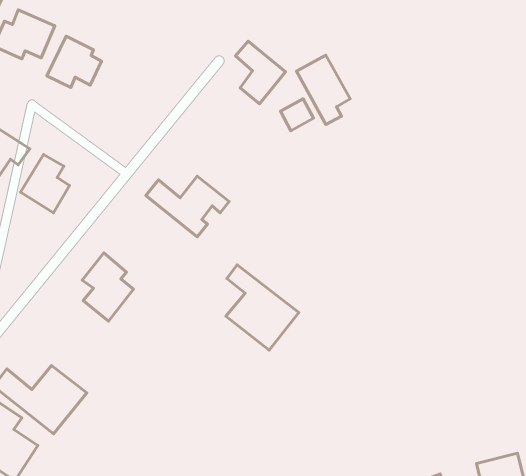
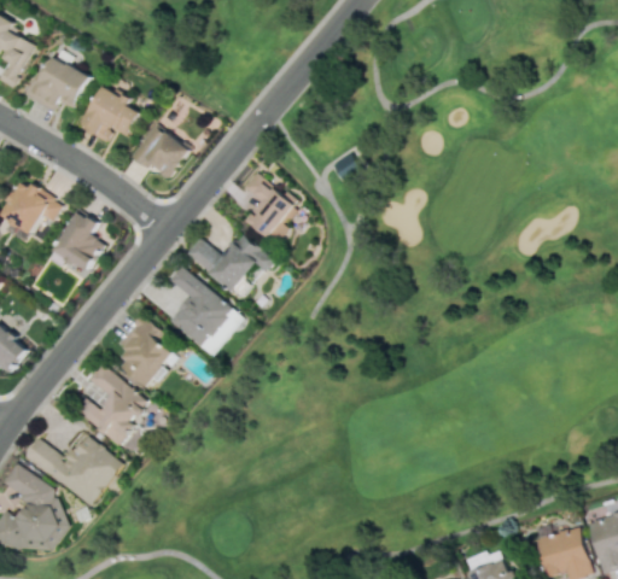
building: [235,41,286,104] -> [243,171,296,238]
building: [297,55,350,125] -> none
building: none -> [129,124,188,176]
building: [226,265,299,350] -> [168,267,245,357]
building: none -> [76,363,150,448]

